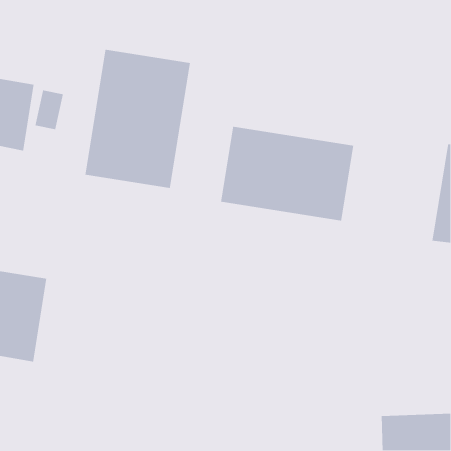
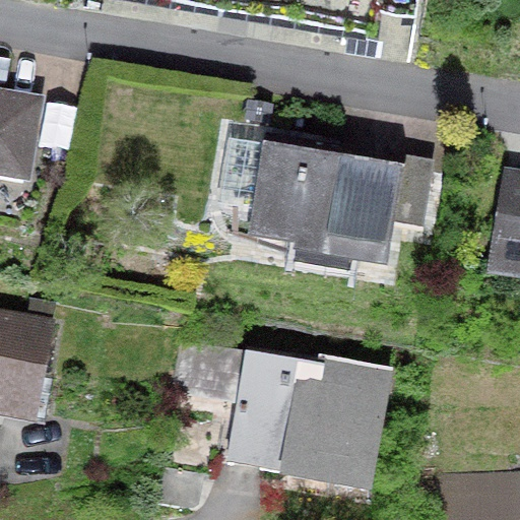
building: [85,49,191,189] -> none
building: none -> [230,358,390,481]

